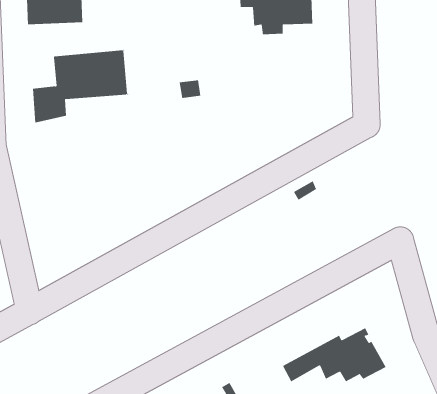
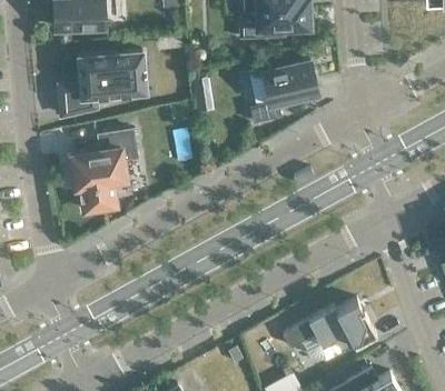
building: none -> [249,60,317,124]
building: none -> [66,131,136,213]

